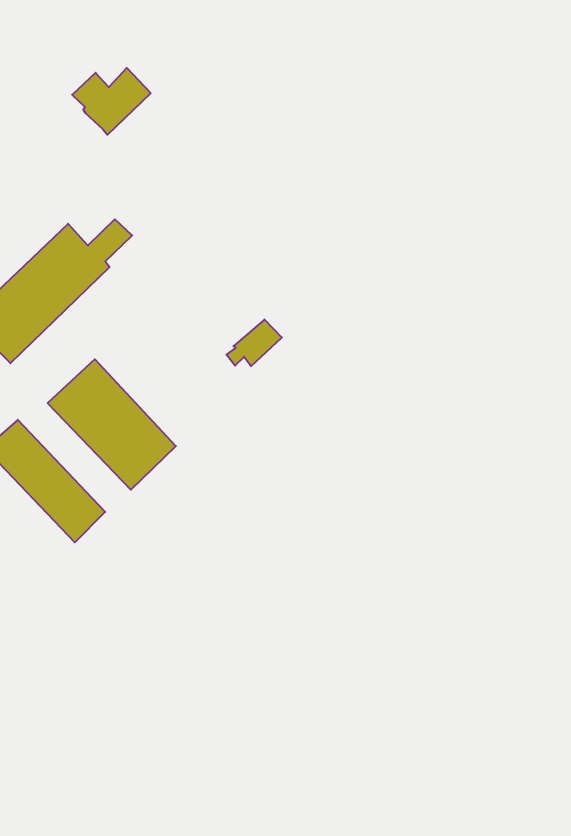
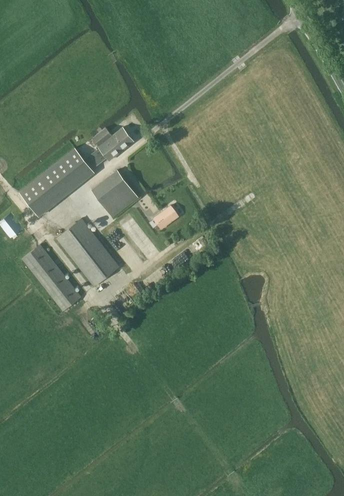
building: [72,68,151,135] -> [93,127,133,160]
building: none -> [92,170,138,216]

